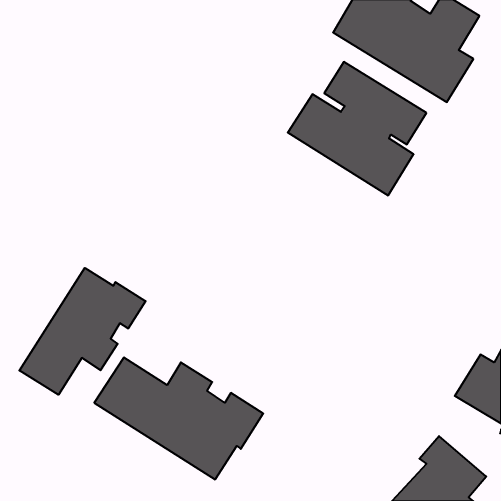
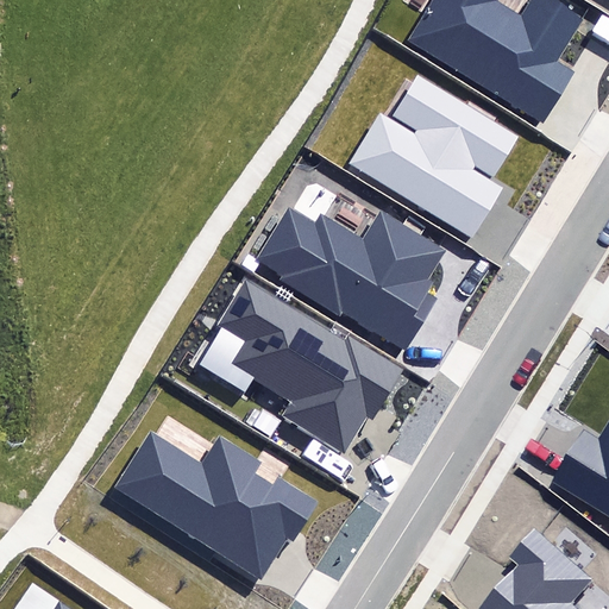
building: none -> [256,207,445,349]
building: none -> [215,281,402,453]
building: [19,268,146,395] -> none

